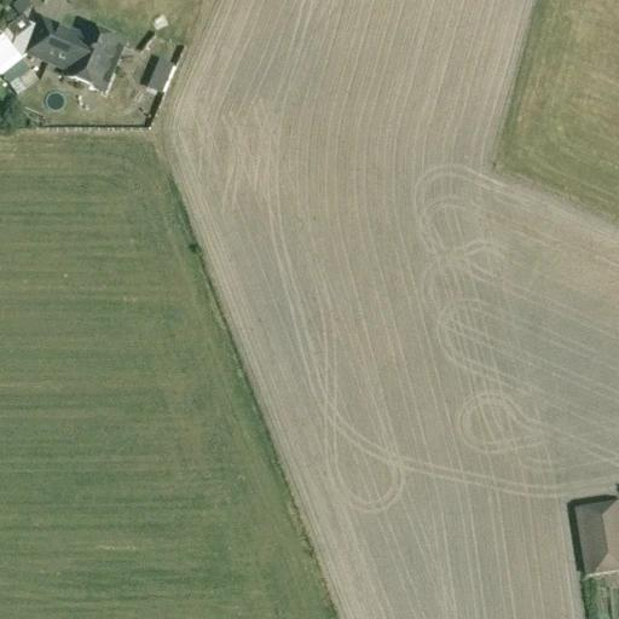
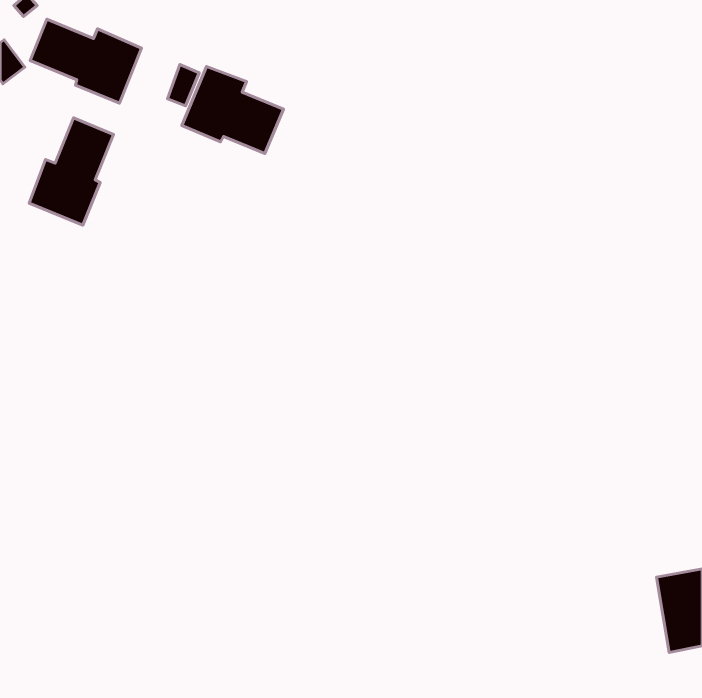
building: none -> [182,66,284,153]
building: none -> [29,118,113,225]

